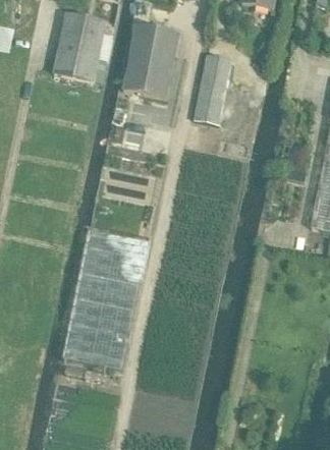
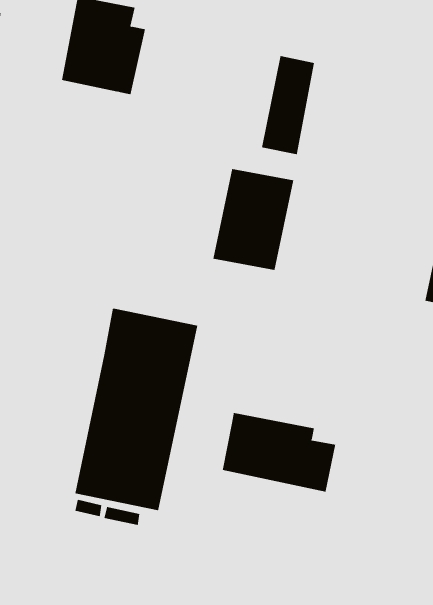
building: [122,23,179,95] -> [212,168,294,271]
building: none -> [222,412,336,493]

